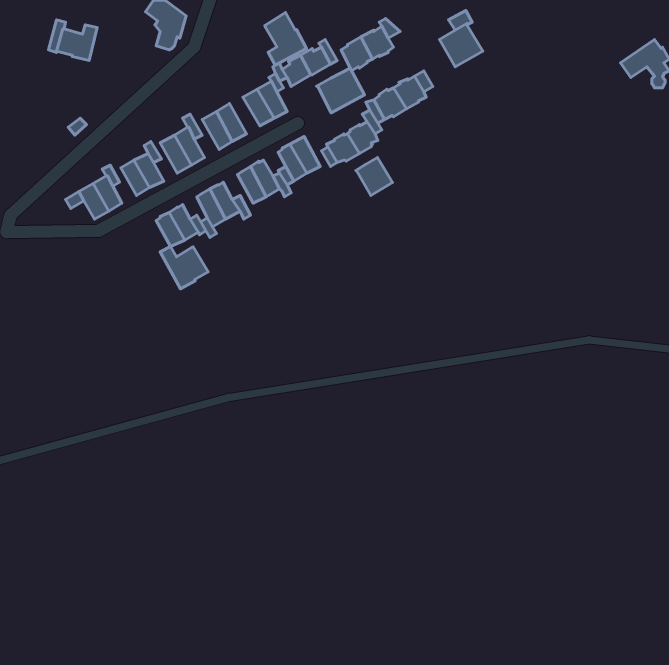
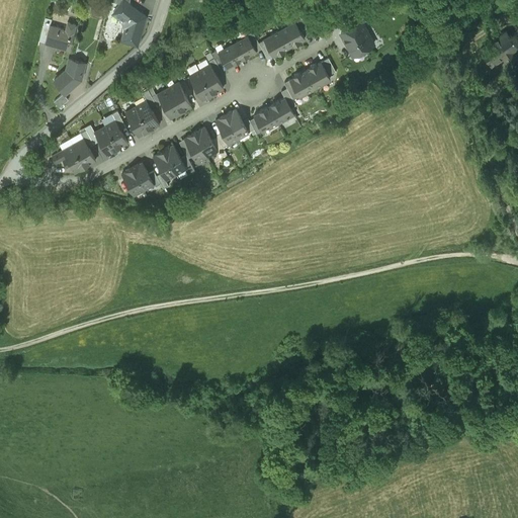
building: [265,13,306,65] -> none
building: [317,68,364,113] -> none
building: none -> [53,60,84,94]
building: [356,158,392,195] -> none
building: [160,247,208,289] -> none

